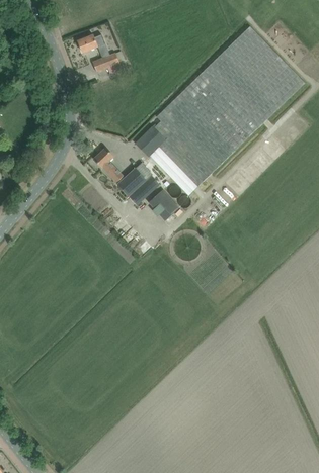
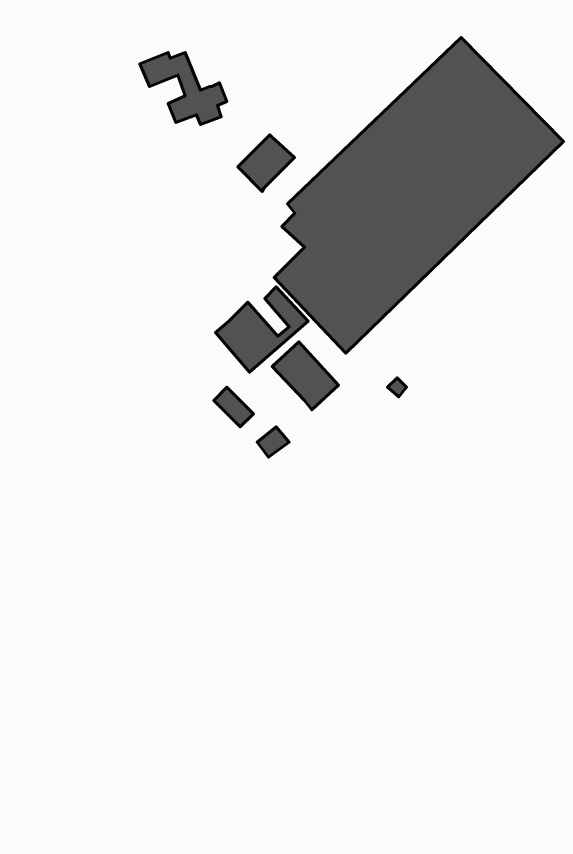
building: [135,126,165,157] -> [238,135,294,192]
building: [93,148,125,184] -> none

